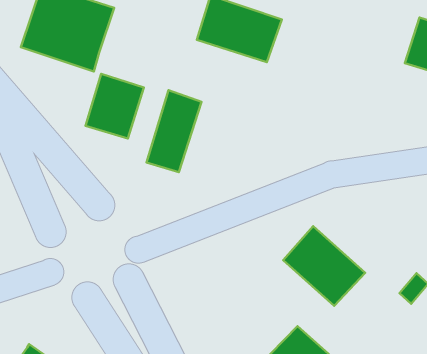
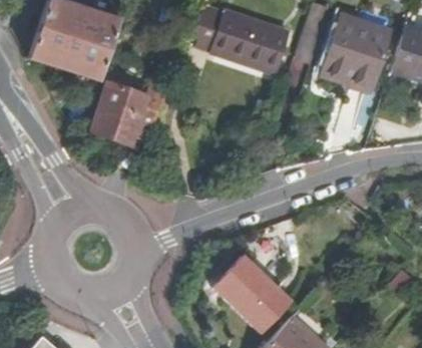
building: none -> [324,15,392,85]
building: [146,90,202,172] -> none
building: [283,226,365,306] -> [213,258,290,333]

